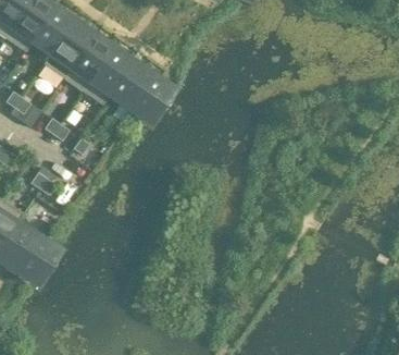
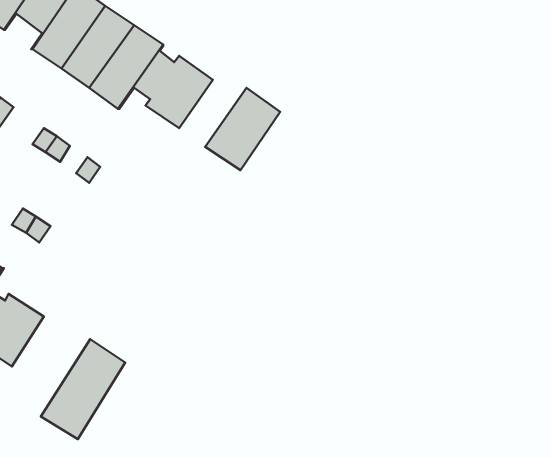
building: none -> [205,88,280,170]
building: none -> [41,339,125,439]

